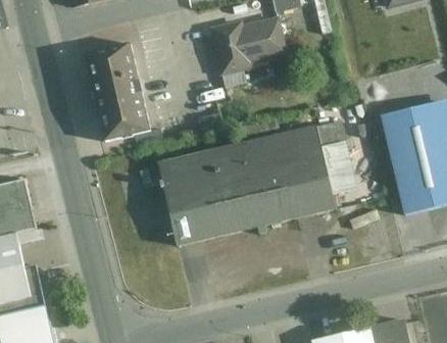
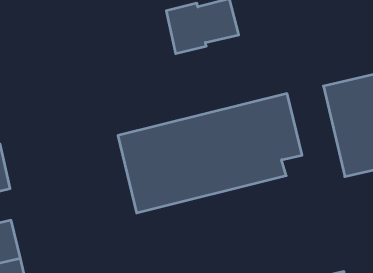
building: [86,42,155,139] -> none

